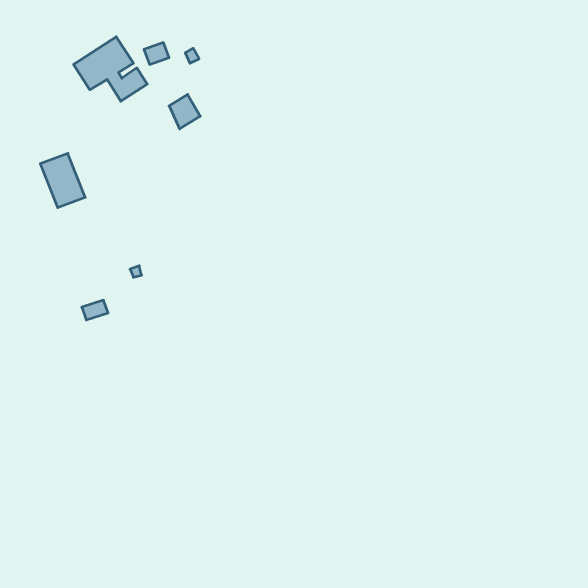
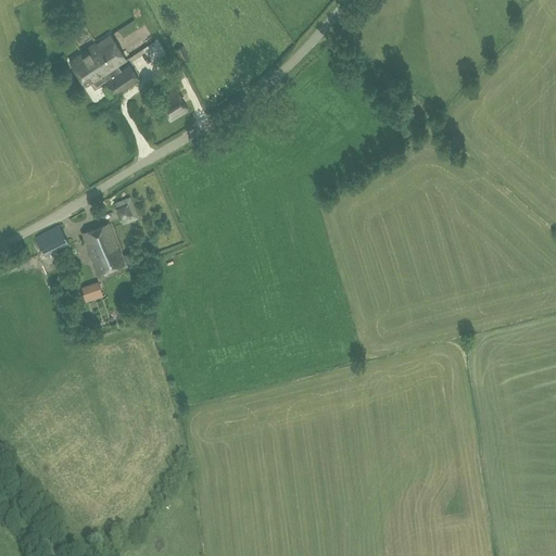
building: [40,153,85,208] -> [81,223,124,274]
building: none -> [35,225,70,256]

